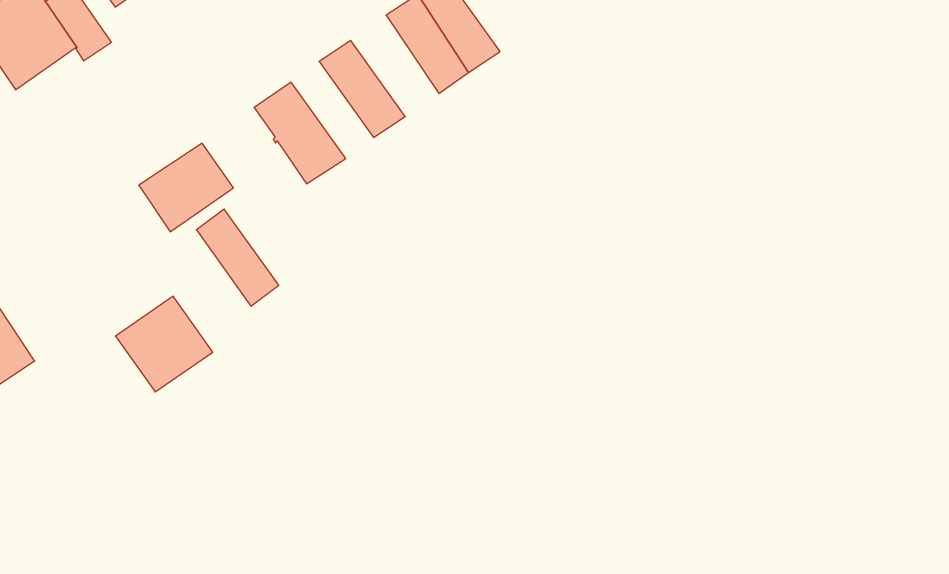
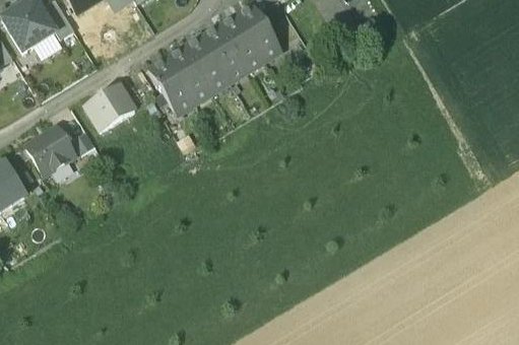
building: none -> [202,23,247,77]
building: [196,209,279,306] -> [170,46,211,97]
building: [115,296,213,392] -> [26,126,77,176]

